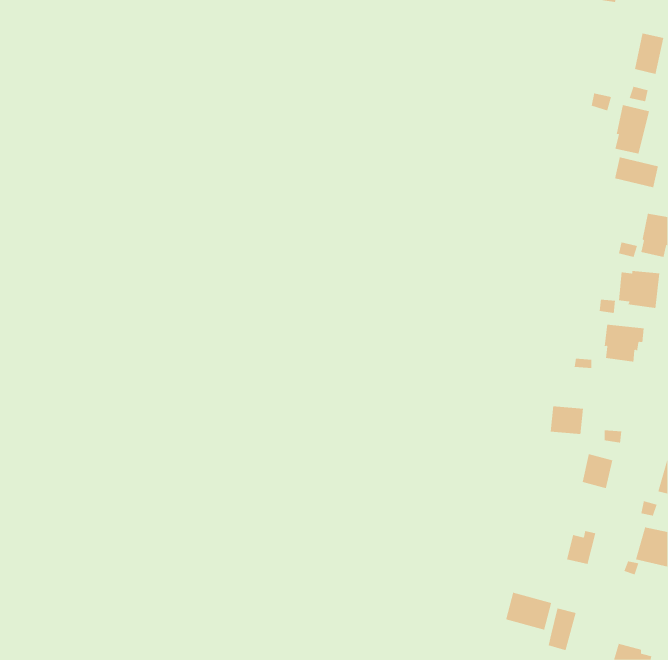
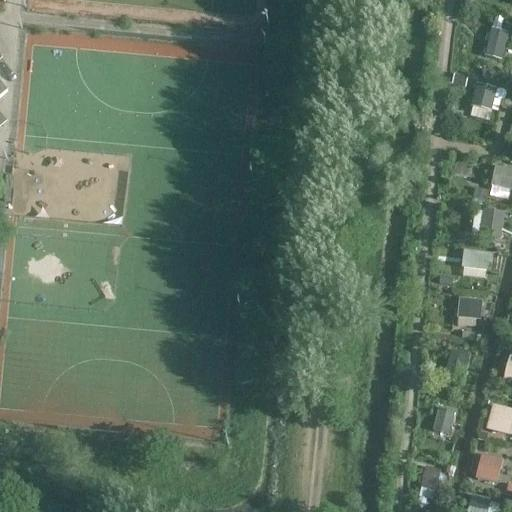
building: [615,156,658,188] -> none
building: [550,406,584,434] -> [457,296,483,318]
building: none -> [475,452,503,482]
building: [505,592,552,631] -> none

